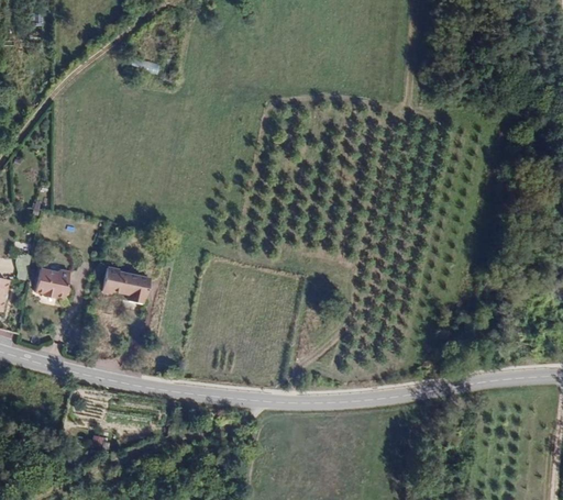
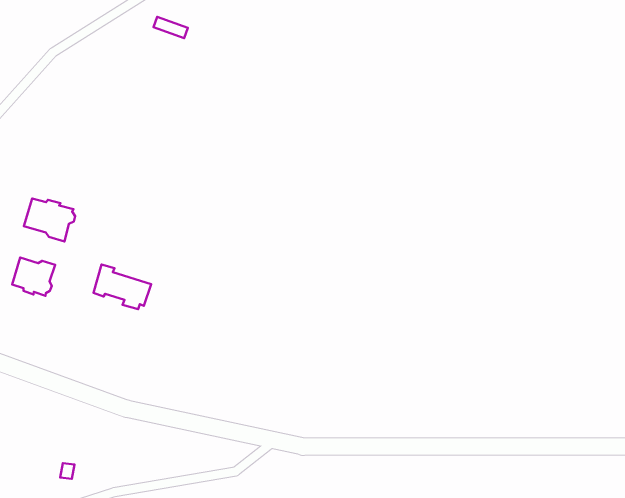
building: none -> [24,198,75,241]

